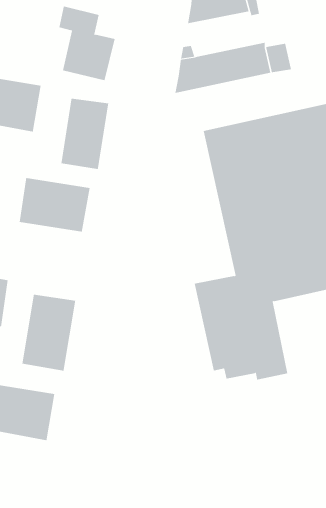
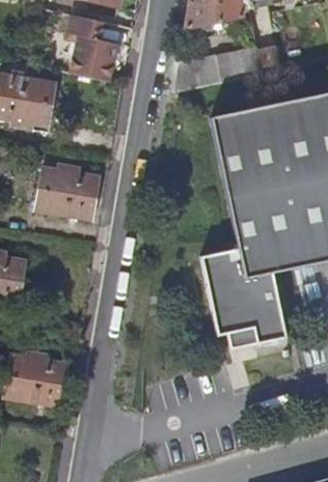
building: [61,98,109,170] -> none
building: [22,294,76,372] -> none

